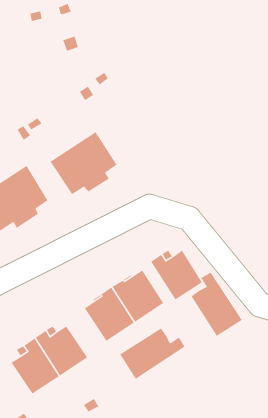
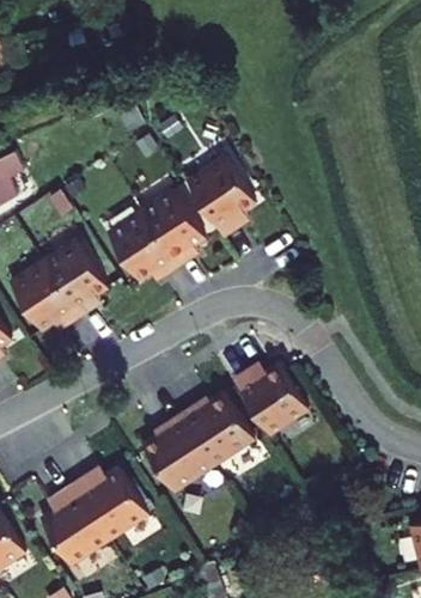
building: none -> [176,163,243,242]
building: [191,272,243,337] -> none
building: [119,327,185,380] -> none

